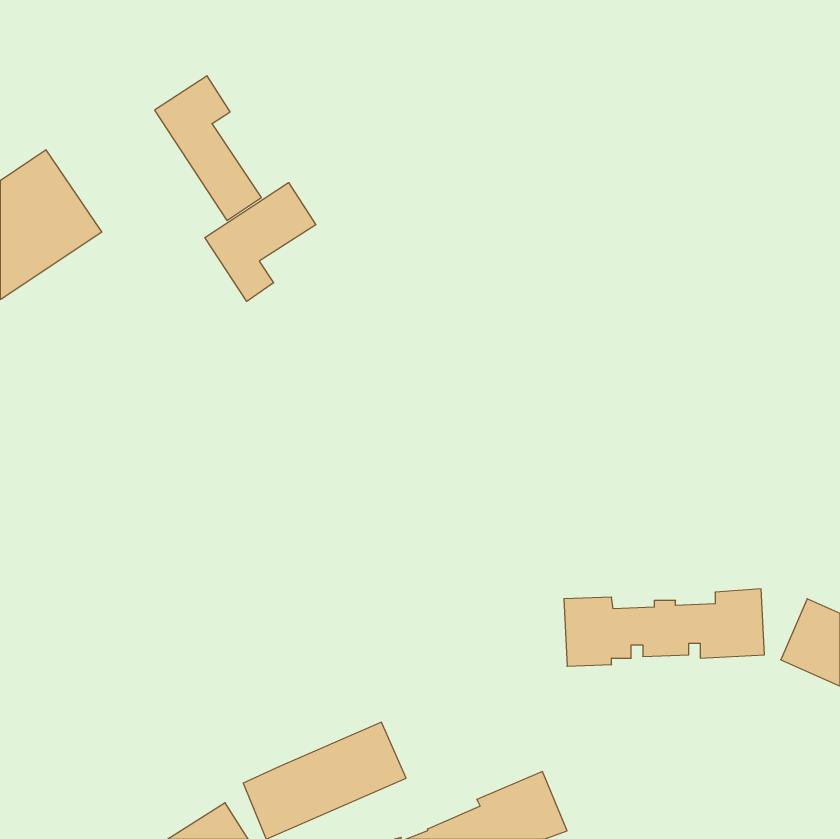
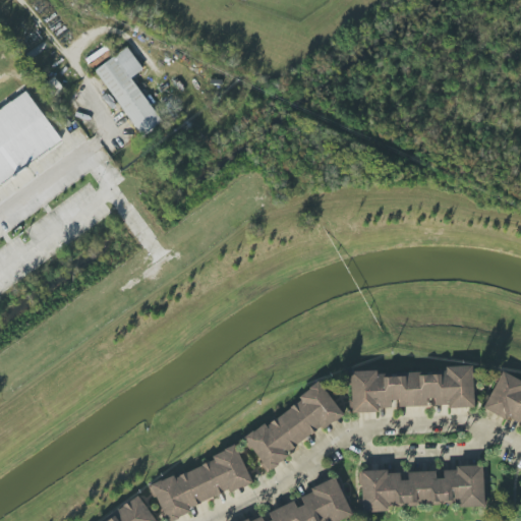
building: [205,183,316,301] -> none
building: none -> [243,383,342,469]
building: none -> [358,465,484,510]

